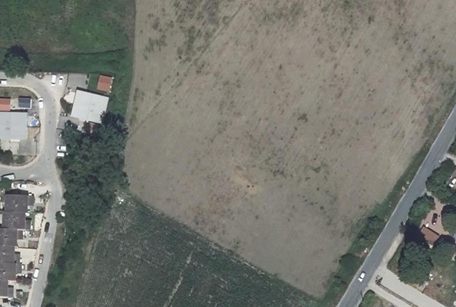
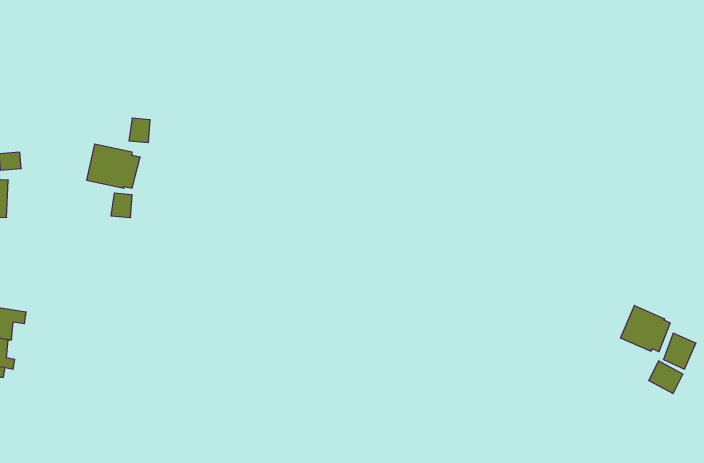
building: none -> [620,305,670,352]

